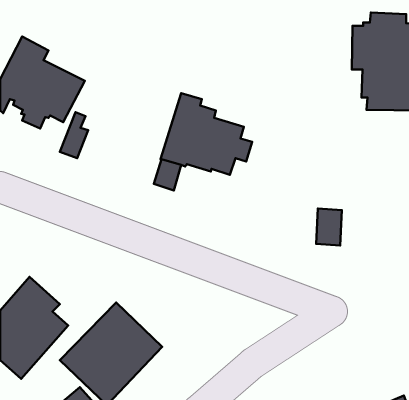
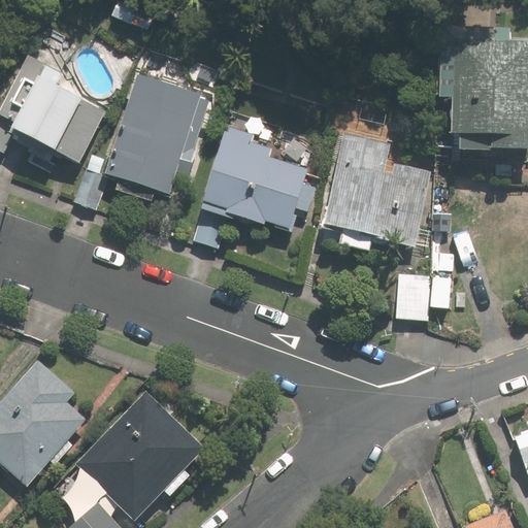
building: none -> [108,93,198,192]
building: none -> [325,134,430,243]

